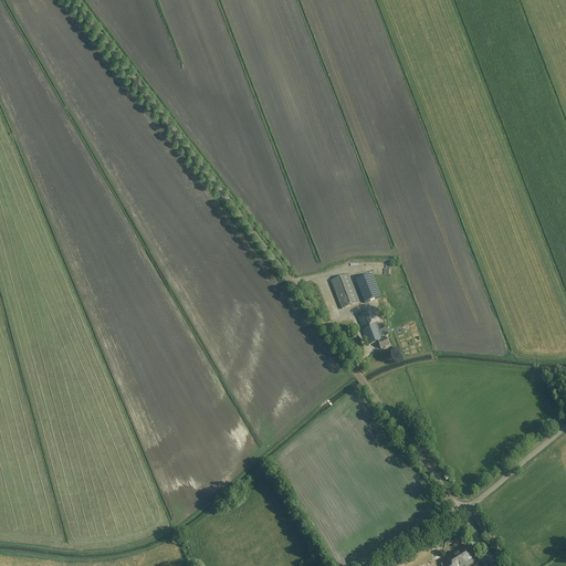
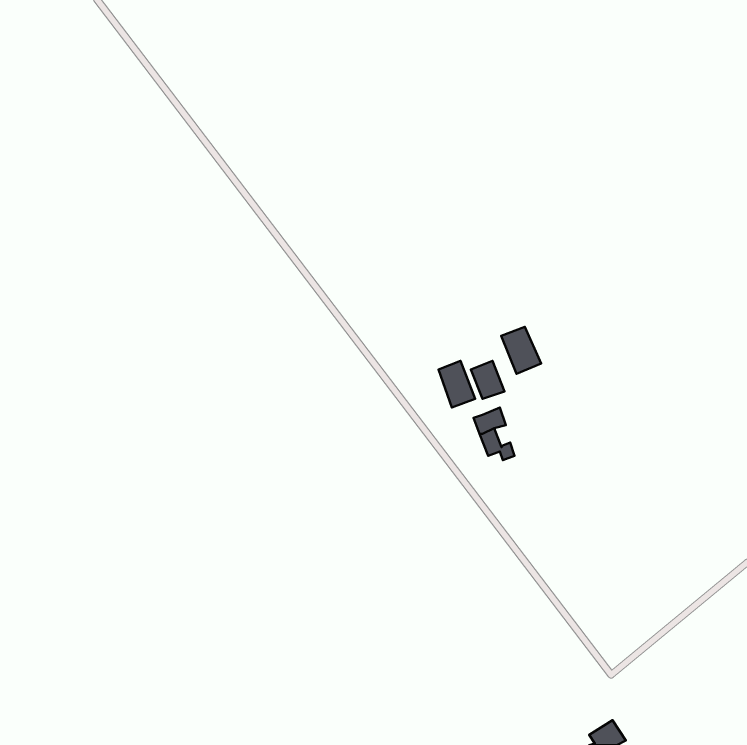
building: none -> [501,327,541,374]

